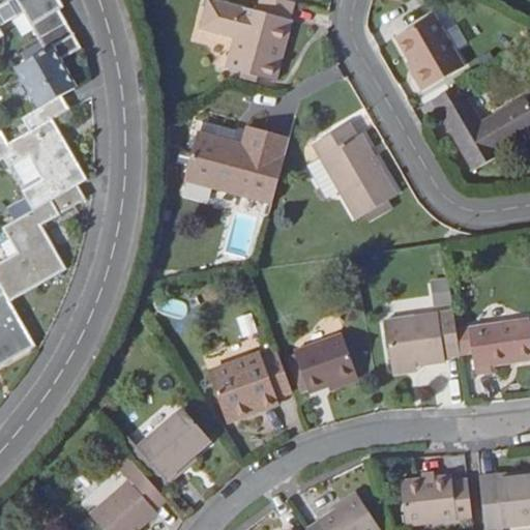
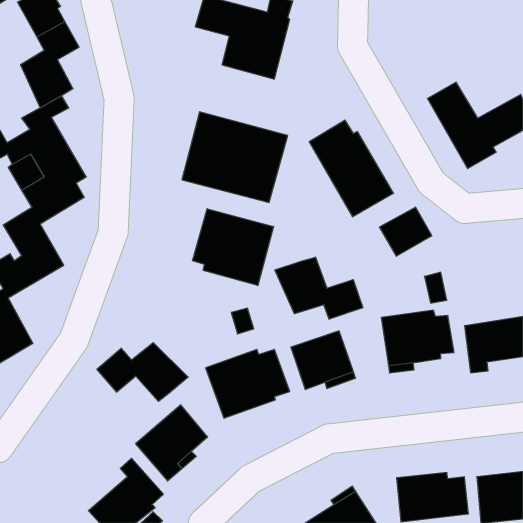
building: [394,14,463,89] -> none
building: none -> [380,207,432,256]
building: none -> [193,209,274,286]
building: none -> [275,257,363,319]
building: none -> [97,343,188,401]

